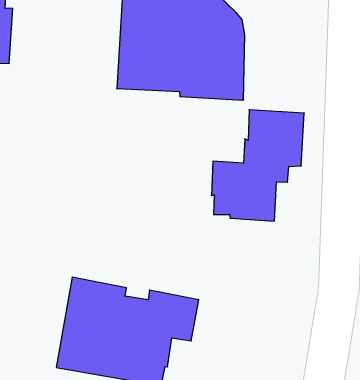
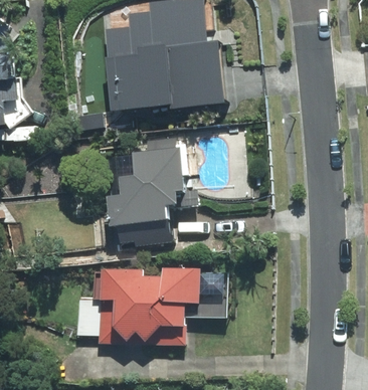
building: [211,110,304,221] -> [113,147,185,241]

